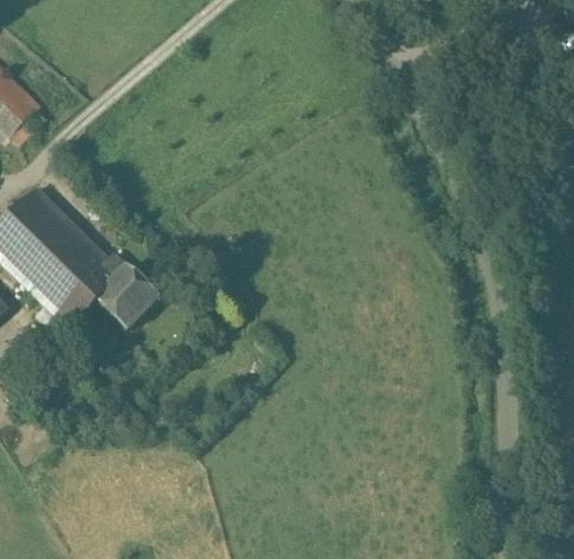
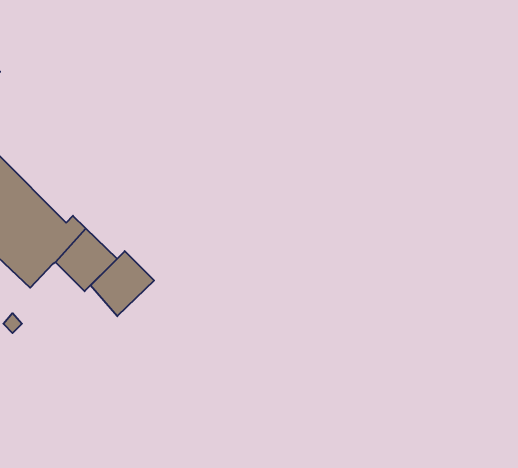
building: none -> [90,251,154,316]

